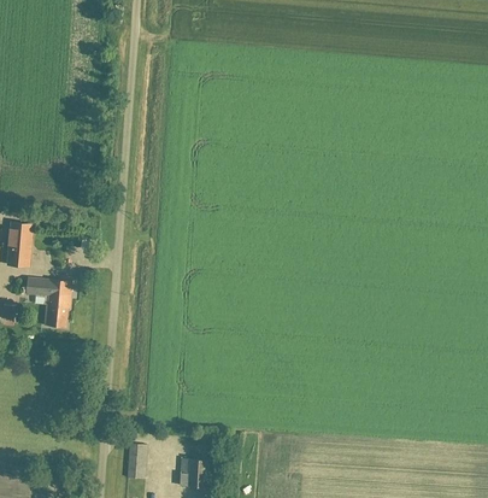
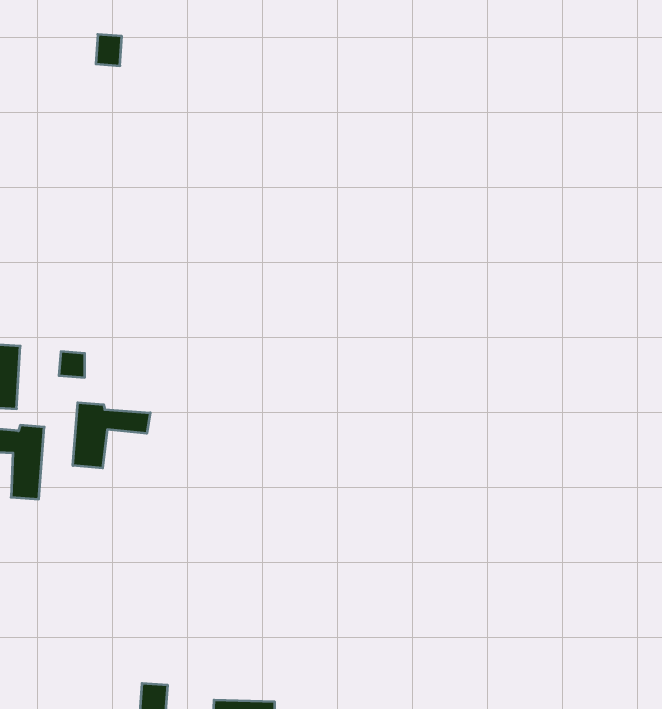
building: none -> [73,403,150,468]

